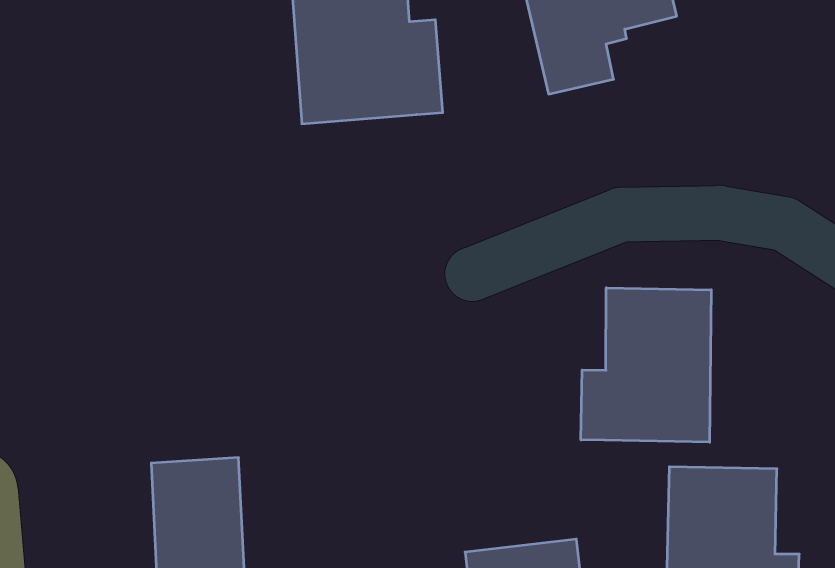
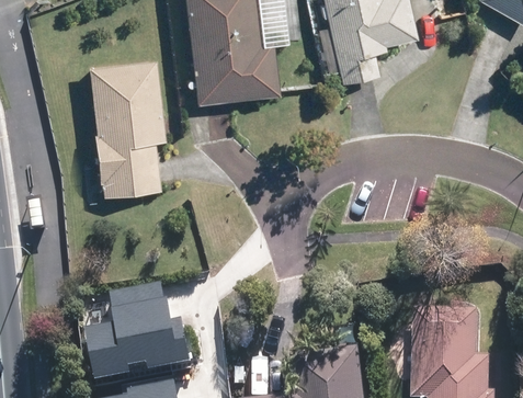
building: none -> [90,61,166,196]
building: [581,288,711,442] -> none

